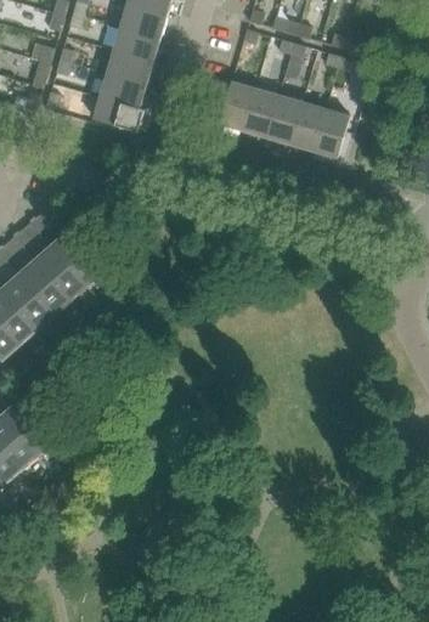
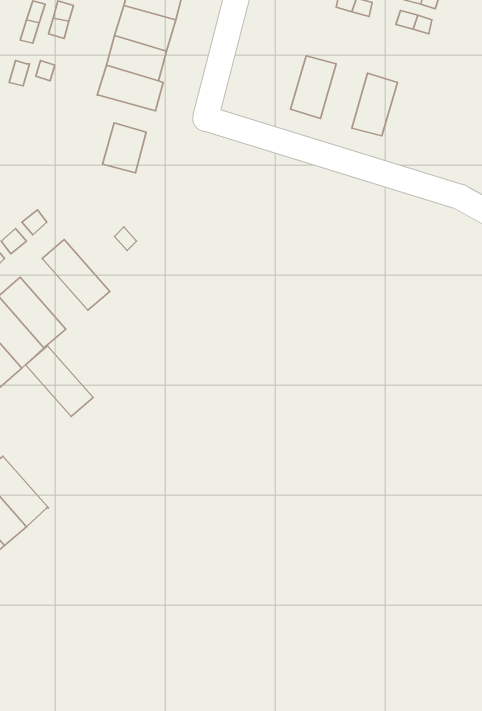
building: [218,81,254,130] -> none
building: [265,95,301,145] -> none
building: [312,109,349,158] -> none
building: none -> [103,123,146,173]
building: [33,245,85,300] -> [26,346,93,416]

